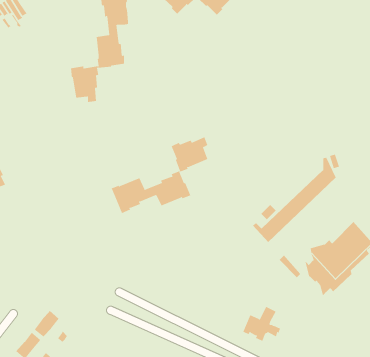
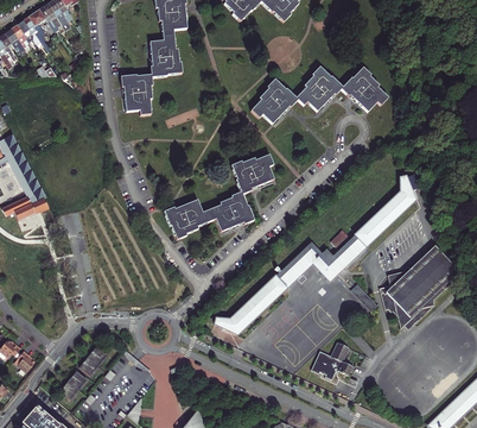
building: none -> [252,65,388,121]
building: none -> [215,243,339,335]

